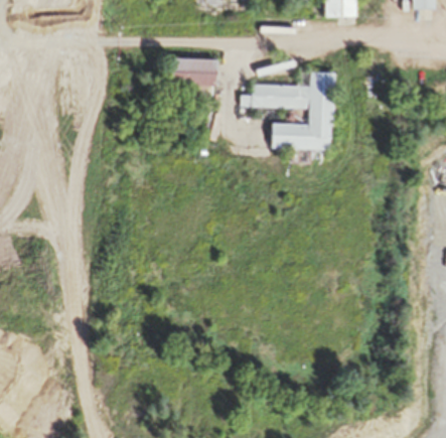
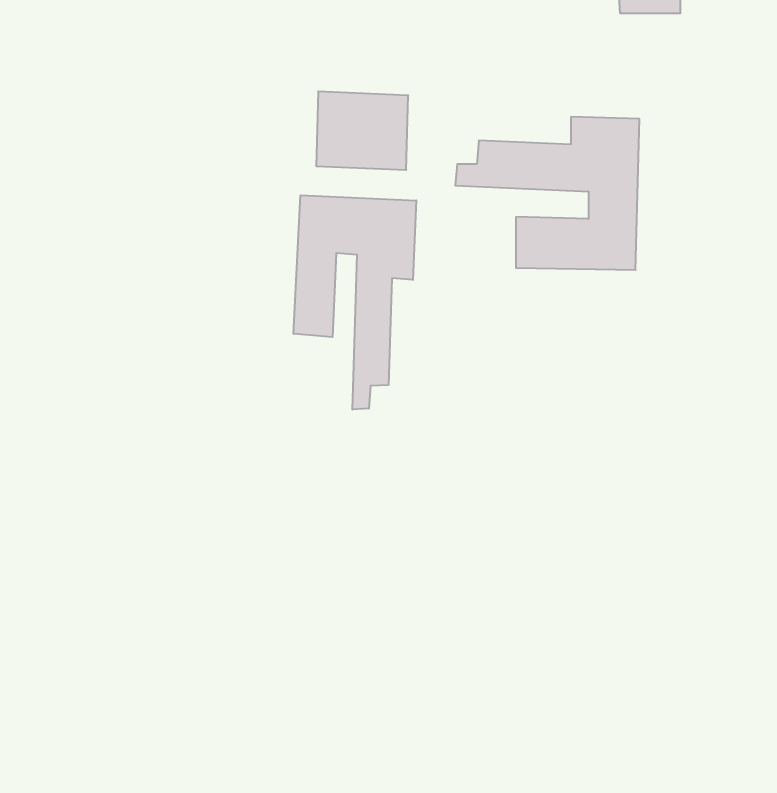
building: none -> [294,195,416,410]

